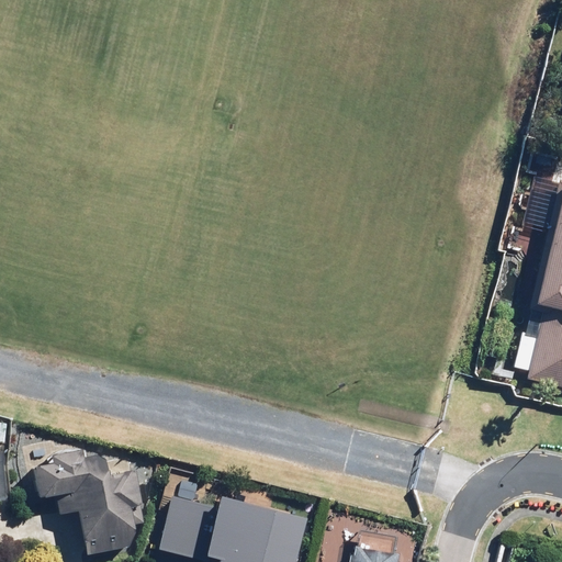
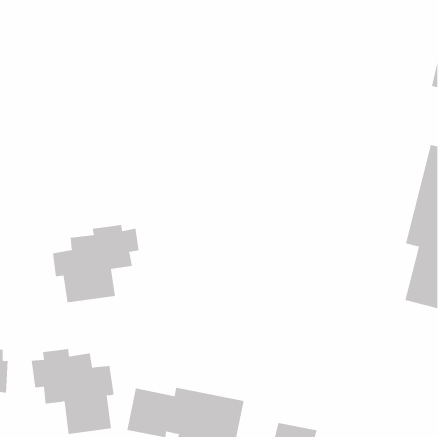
building: none -> [52,224,139,303]

